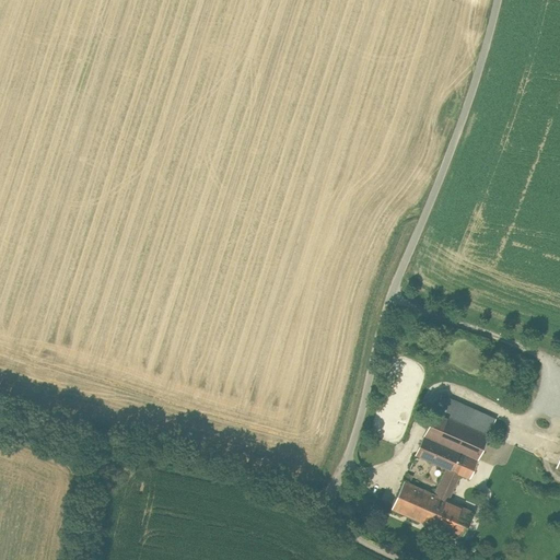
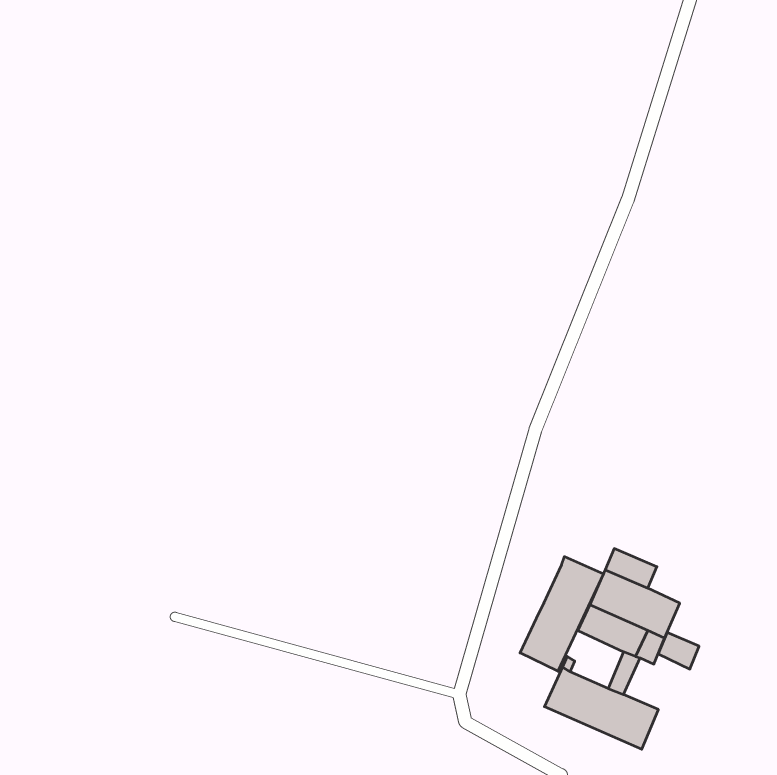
building: none -> [520,557,603,671]
building: [466,408,495,434] -> [658,633,699,669]

